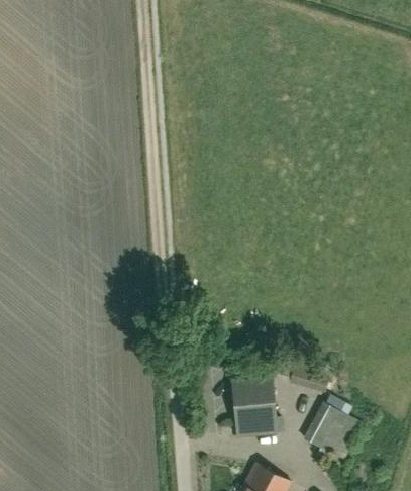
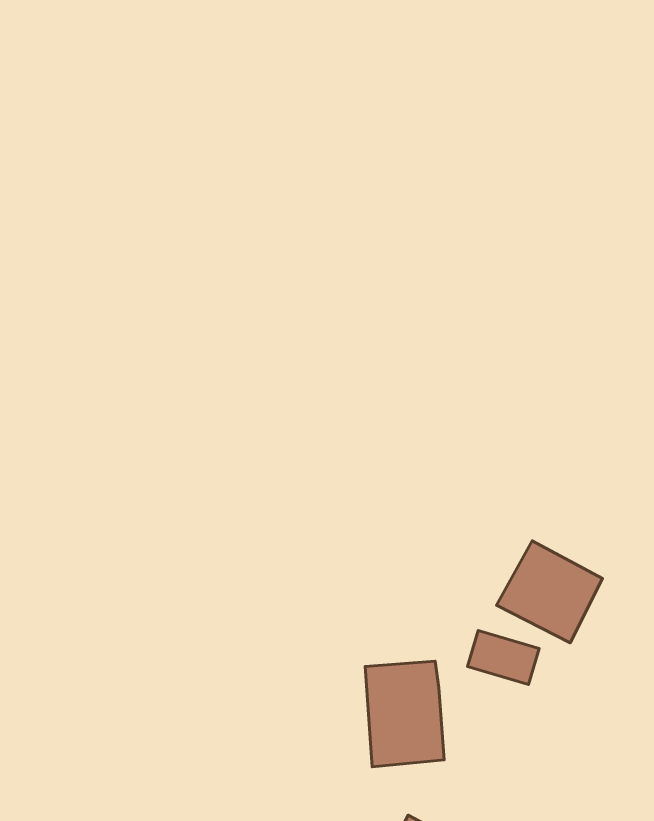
building: [303,401,363,459] -> [496,541,602,643]

